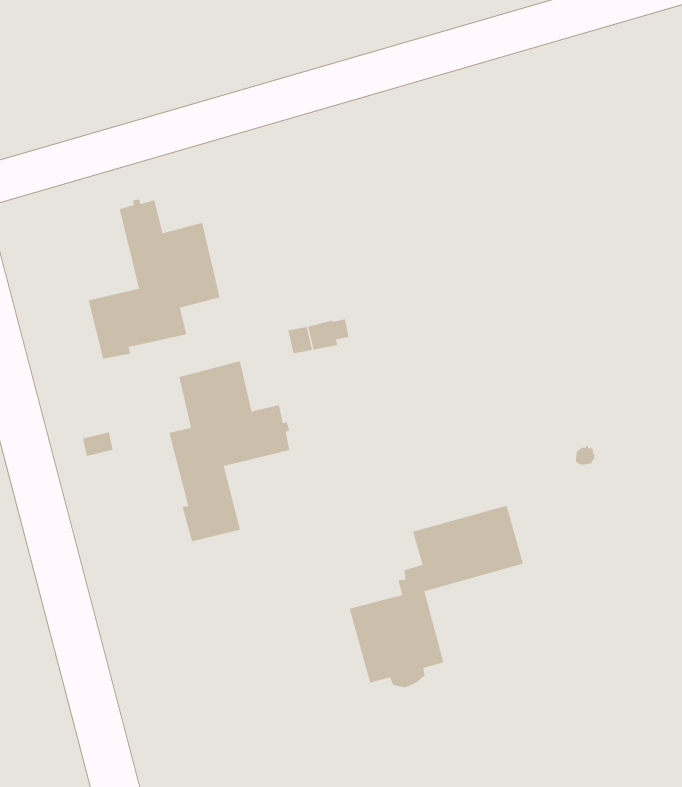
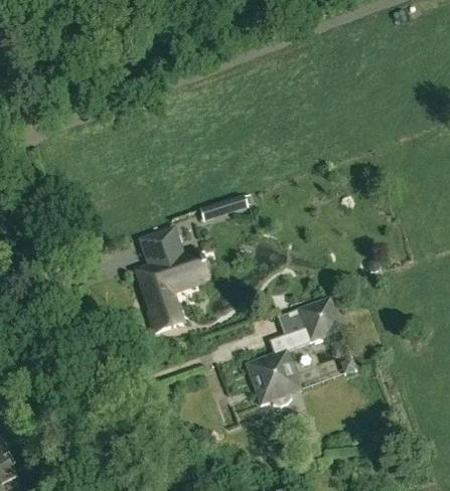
building: [88,199,220,360] -> none

